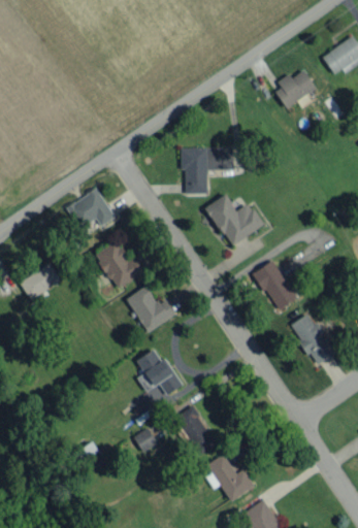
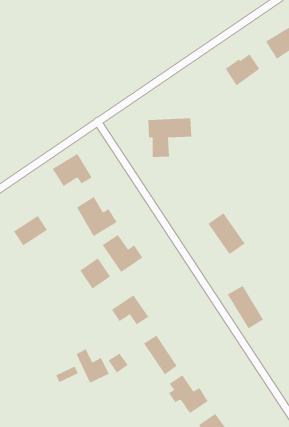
building: [205,193,264,245] -> none
building: [290,312,334,365] -> [227,285,264,329]
building: none -> [79,258,111,289]
building: none -> [76,348,109,383]

